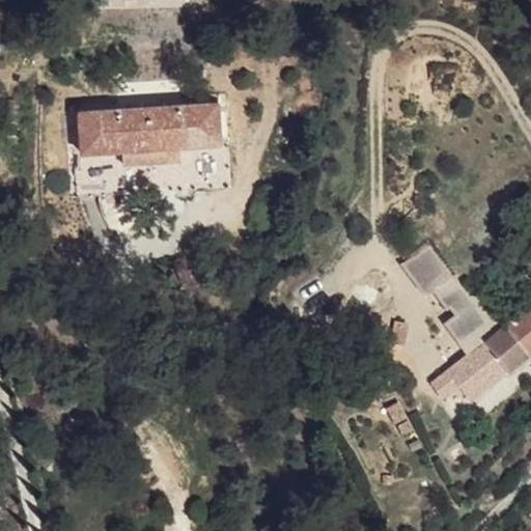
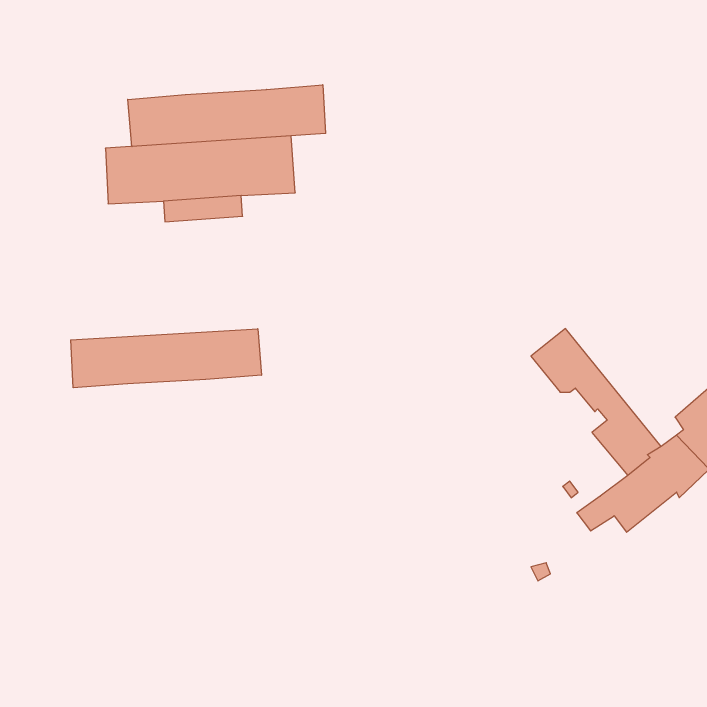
building: none -> [128,85,326,147]
building: none -> [71,329,261,388]

